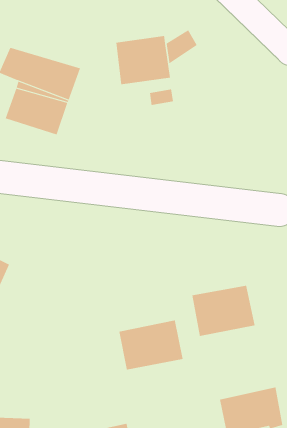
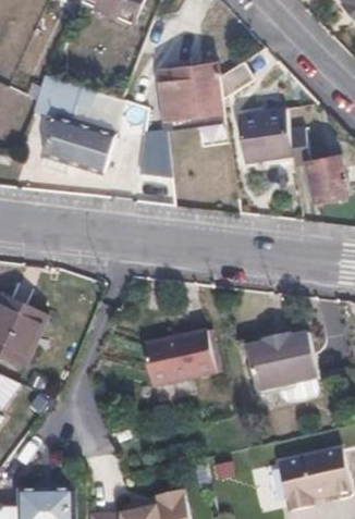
building: none -> [244,120,346,209]
building: [118,320,183,370] -> [142,330,213,385]

